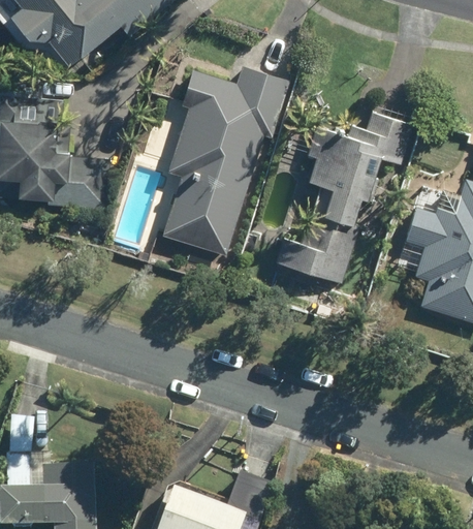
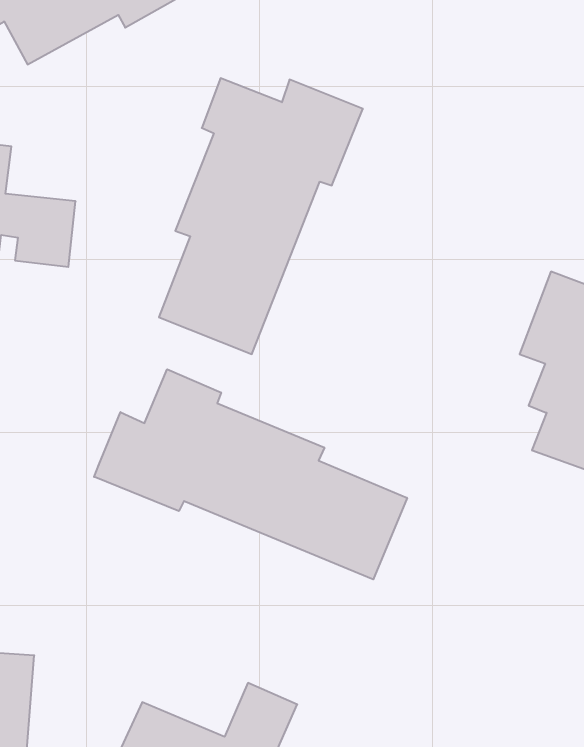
building: [276,110,414,283] -> none
building: none -> [94,369,407,579]

